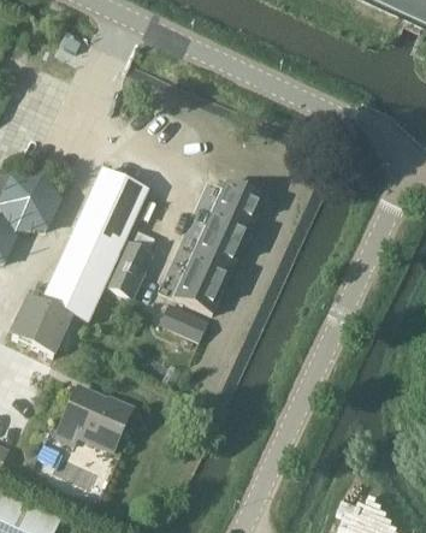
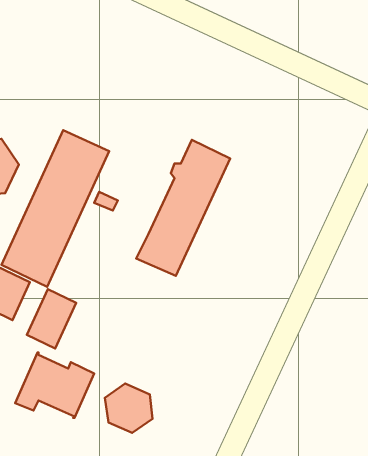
building: [103,241,152,298] -> [27,289,76,349]
building: [160,302,206,337] -> none
building: none -> [105,384,153,433]

